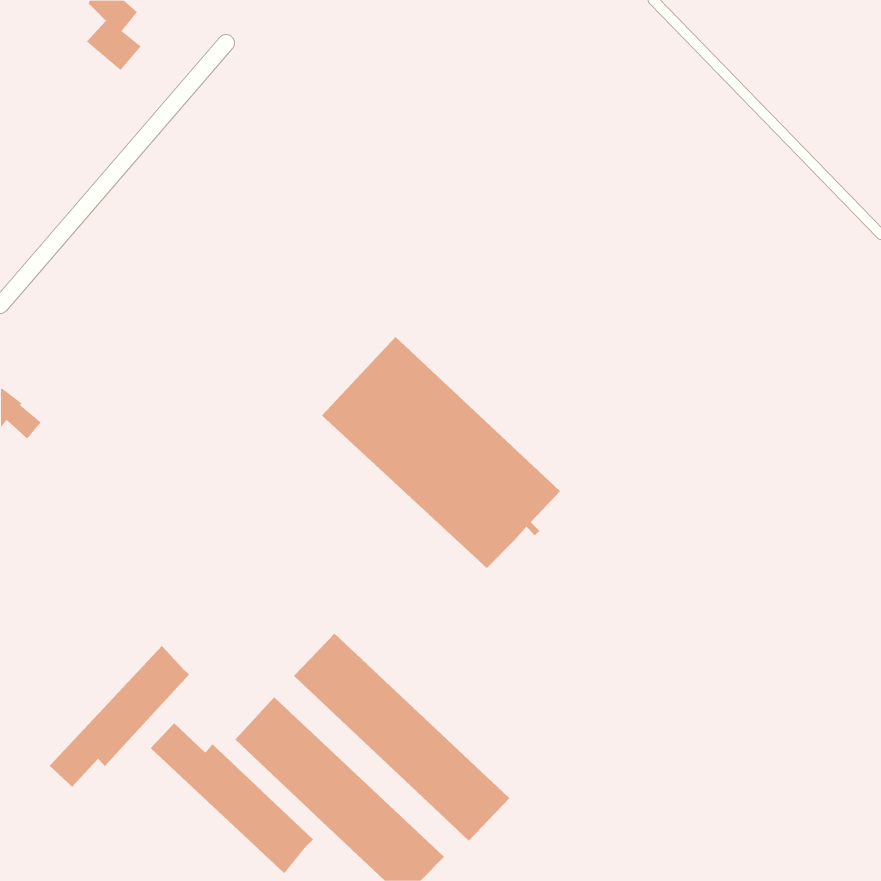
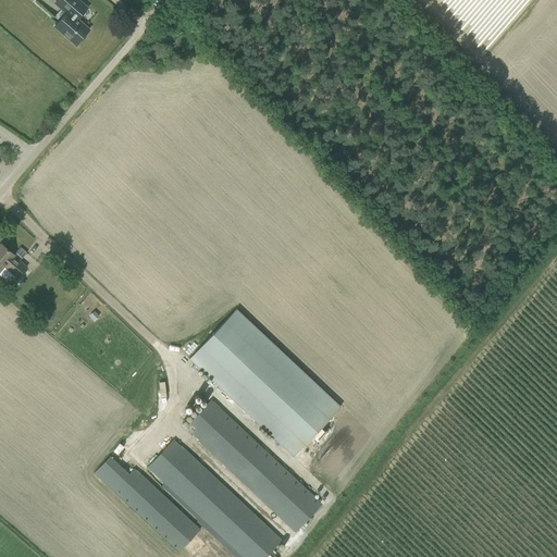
building: [321,336,561,569] -> [189,309,341,456]
building: [49,645,190,787] -> none

